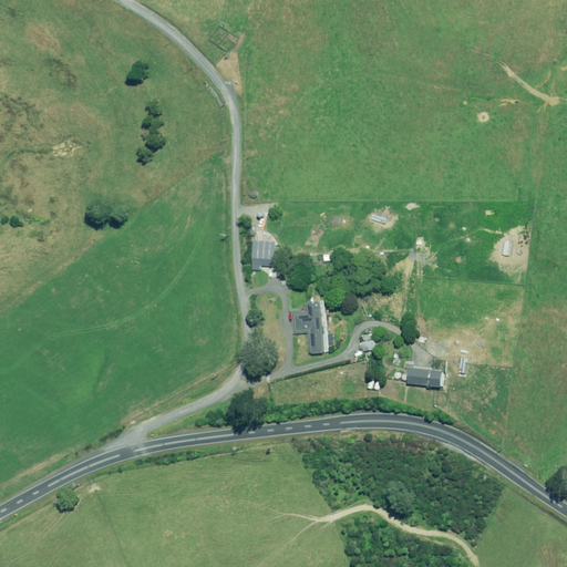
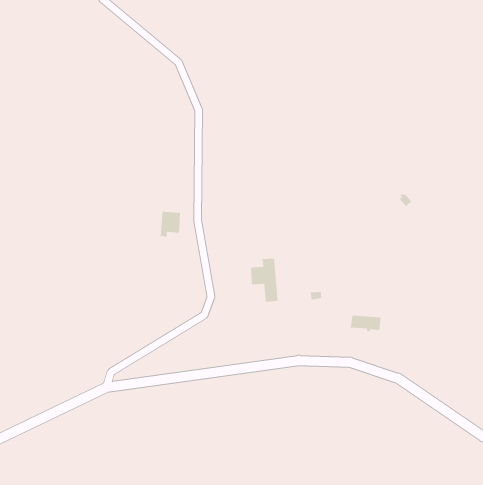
building: [251,238,276,269] -> [160,211,181,237]

